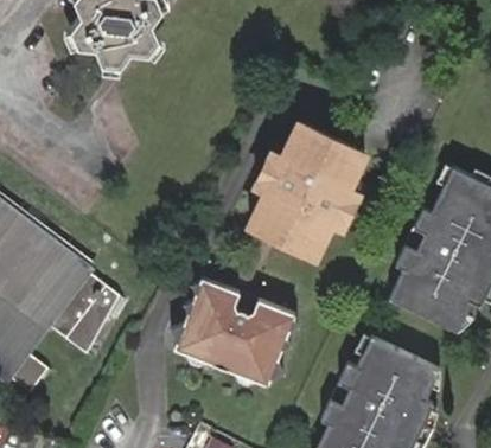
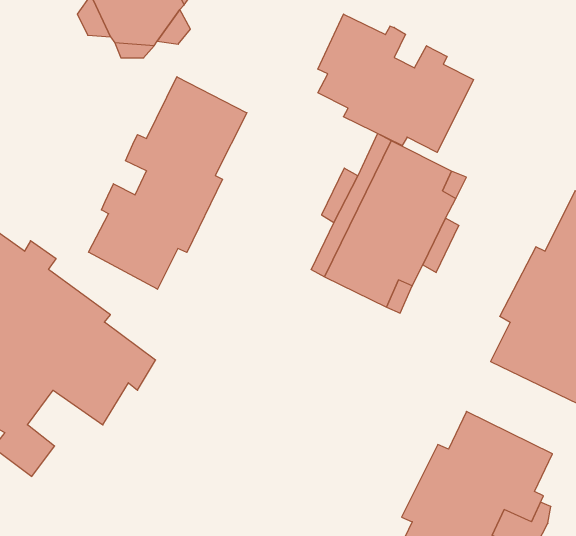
building: none -> [318,14,473,152]
building: none -> [89,77,247,289]
building: [168,281,296,389] -> none

